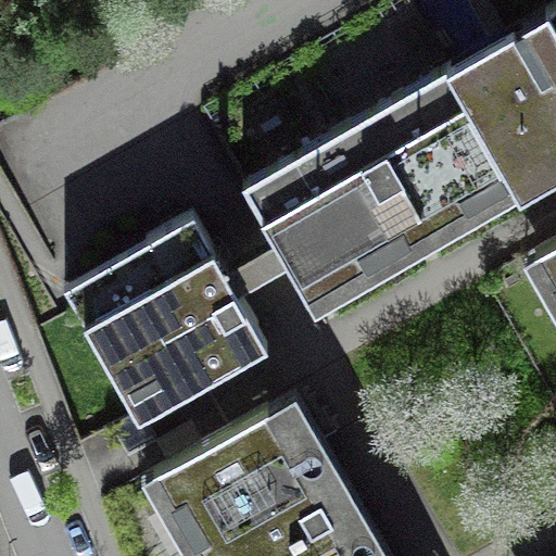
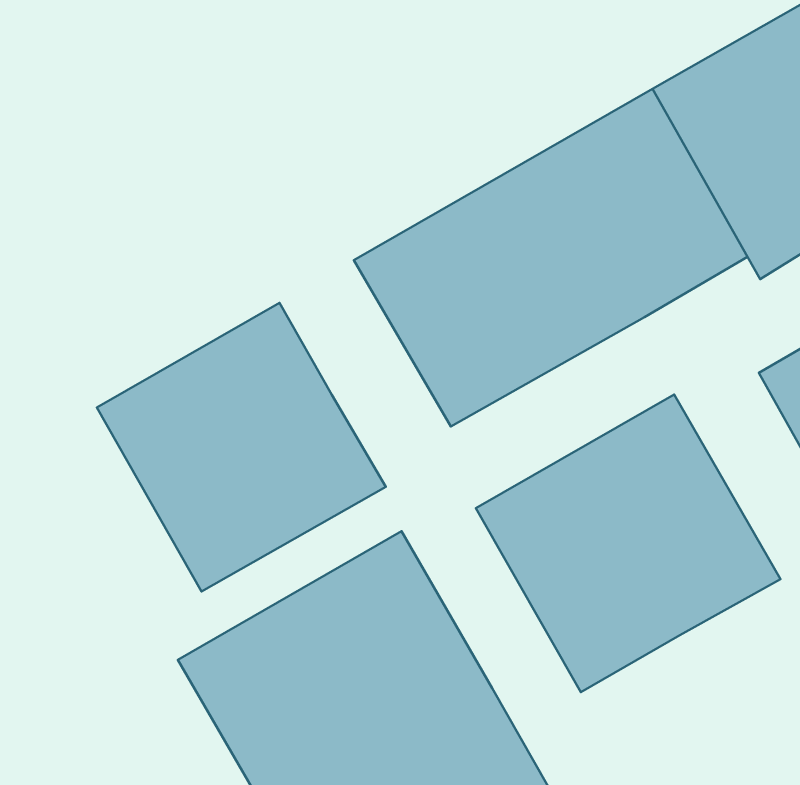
building: none -> [476,394,780,692]

